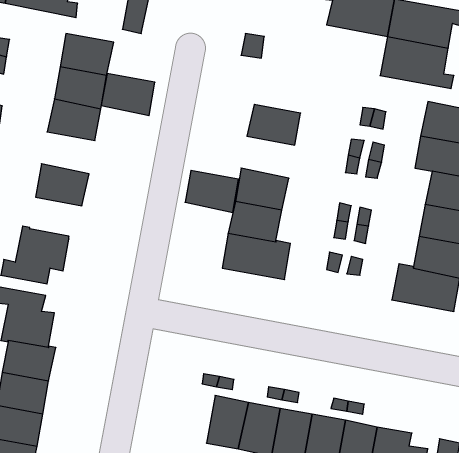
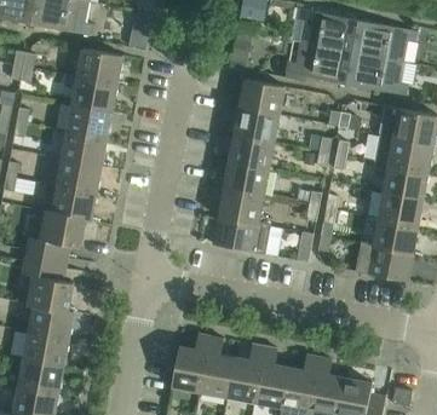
building: none -> [286,42,351,85]
building: none -> [240,80,284,116]
building: [101,74,155,116] -> [62,132,107,167]
building: [185,170,239,212] -> [229,136,274,171]
building: none -> [52,186,96,221]
building: none -> [171,347,207,392]

